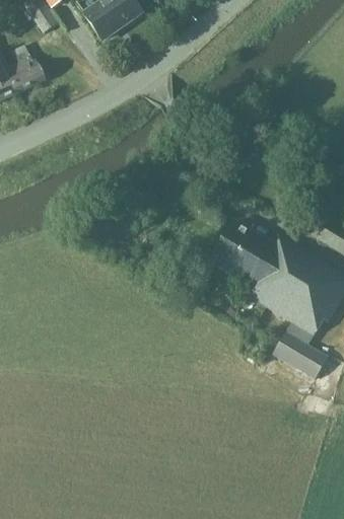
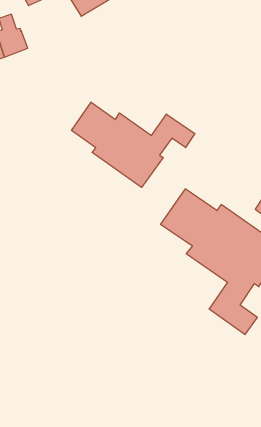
building: none -> [71,102,195,187]

